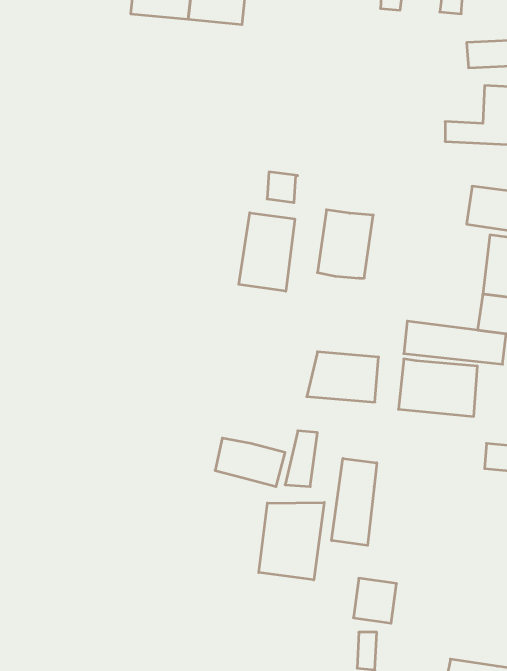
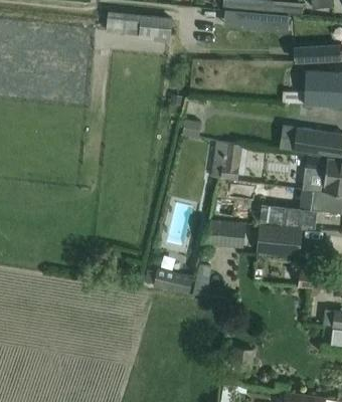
building: [239,213,295,291] -> none
building: [332,458,377,545] -> none
building: [259,502,324,580] -> none

